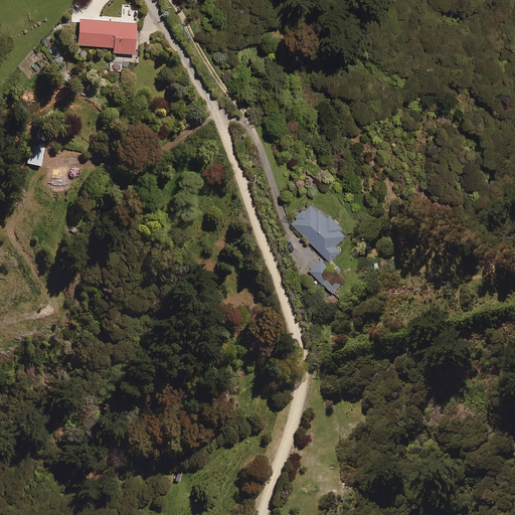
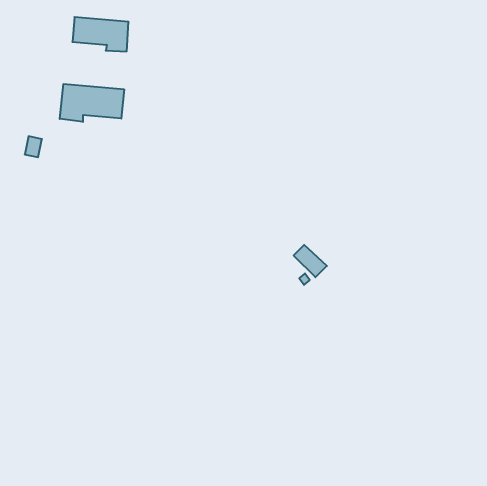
building: none -> [60,84,124,122]
building: [292,203,346,262] -> none

